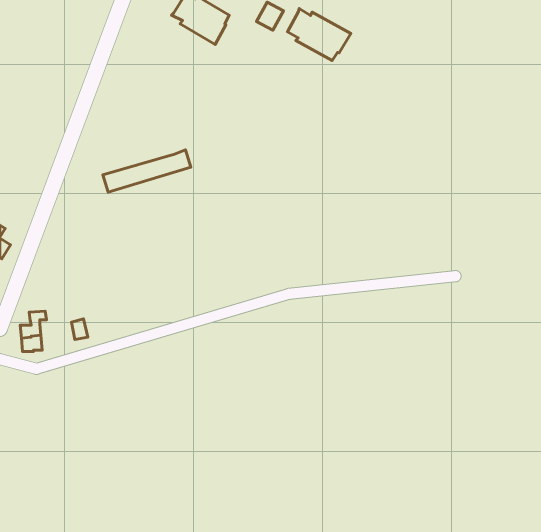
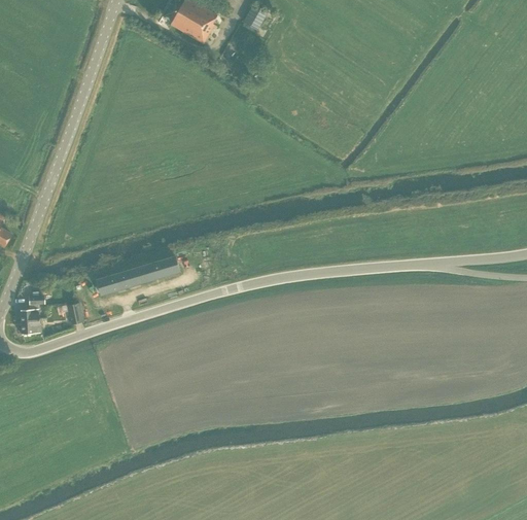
building: [288,8,351,61] -> none
building: [103,150,191,192] -> [97,255,180,296]

